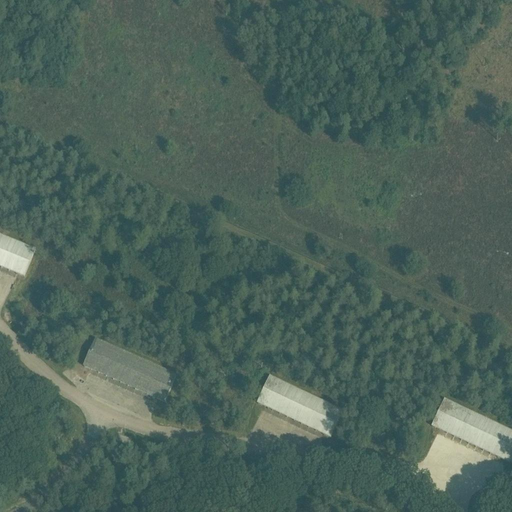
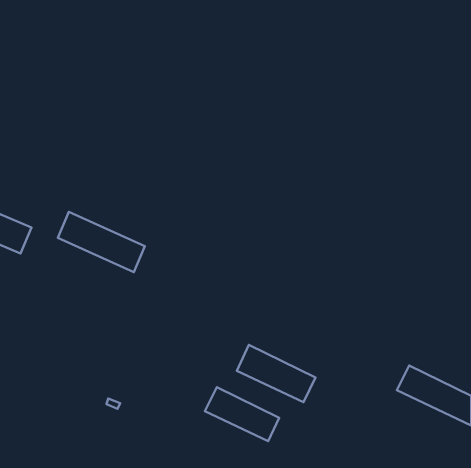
building: [81,335,175,400] -> [58,212,145,272]
building: none -> [205,387,279,441]

